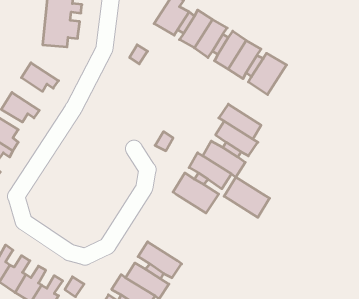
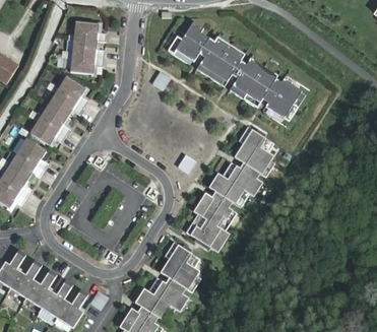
building: none -> [57,74,87,105]
building: none -> [39,102,69,133]
building: [224,177,270,217] -> [186,214,230,253]
building: none -> [165,243,206,277]

